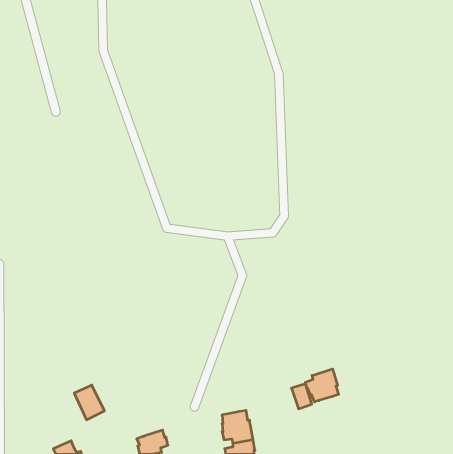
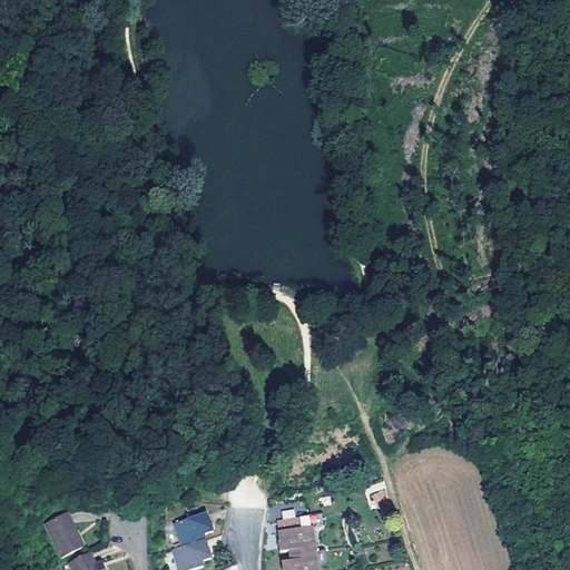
building: [305,369,339,402] -> none
building: [74,385,104,420] -> [43,513,81,557]
building: none -> [175,512,213,547]

